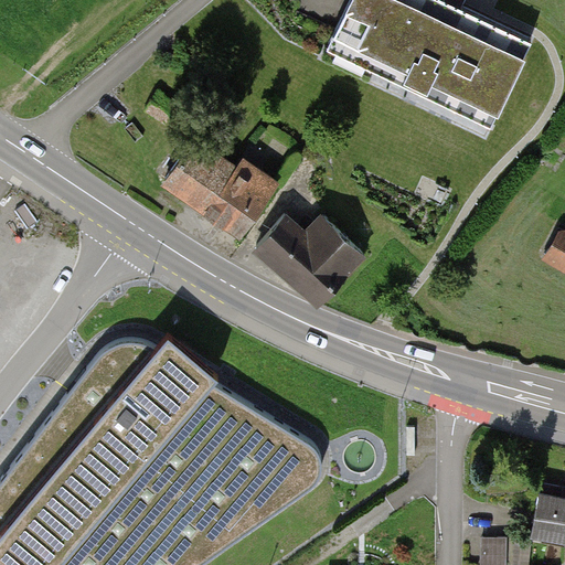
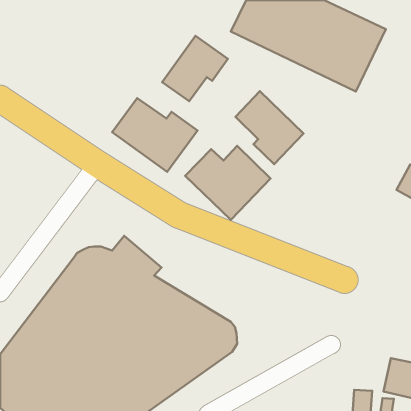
building: none -> [162,36,228,101]
building: none -> [236,91,304,164]

